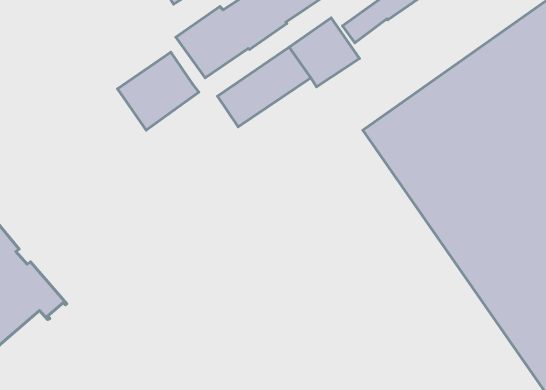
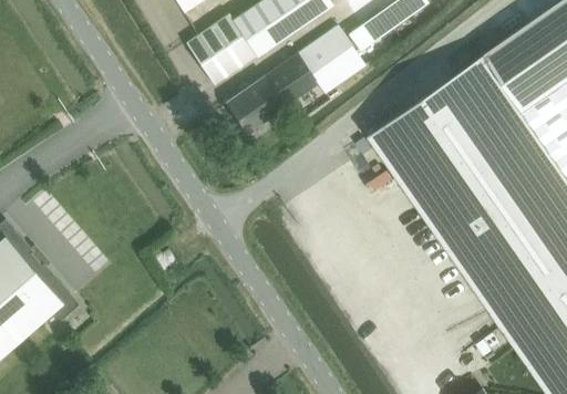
building: [118,52,199,130] -> none

